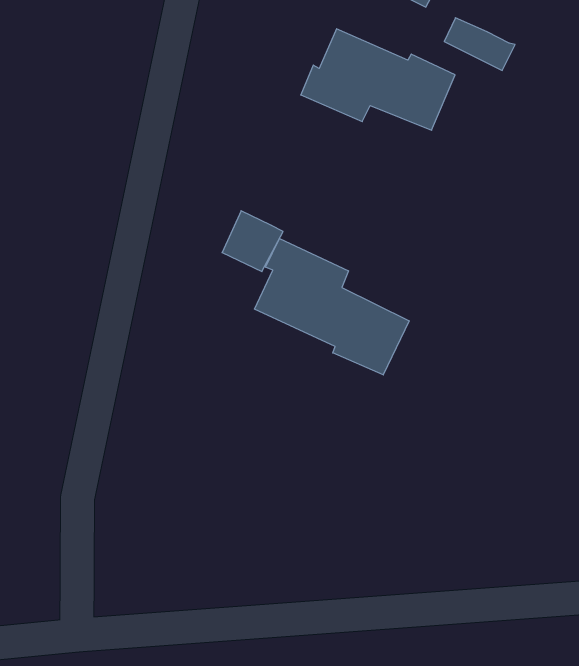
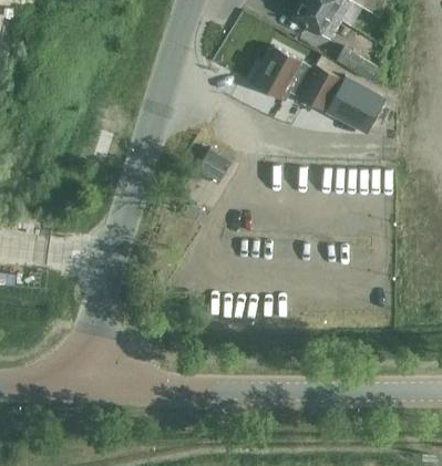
building: none -> [325,75,386,134]
building: [255,238,409,375] -> none

